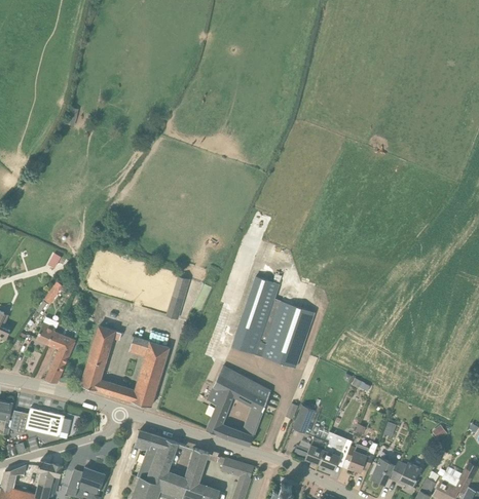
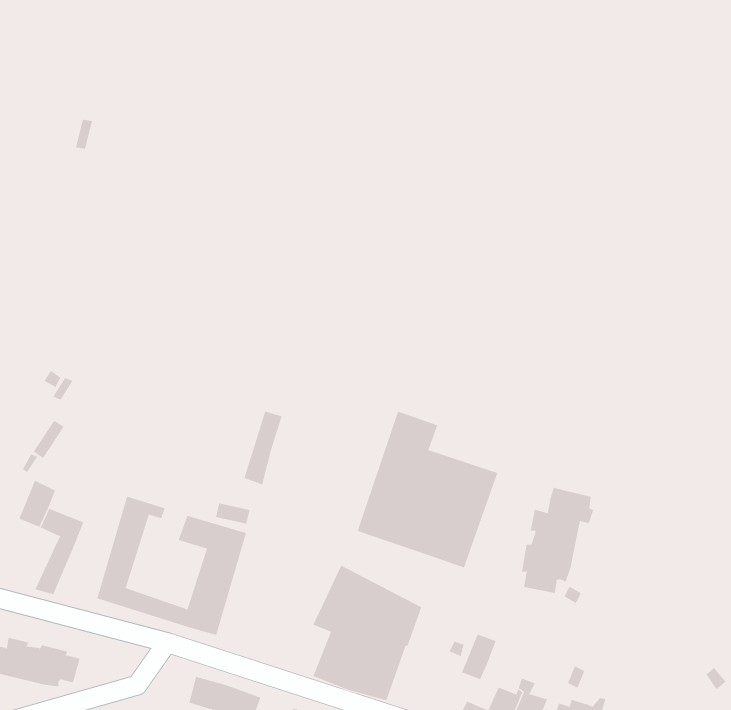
building: none -> [521,487,594,594]

